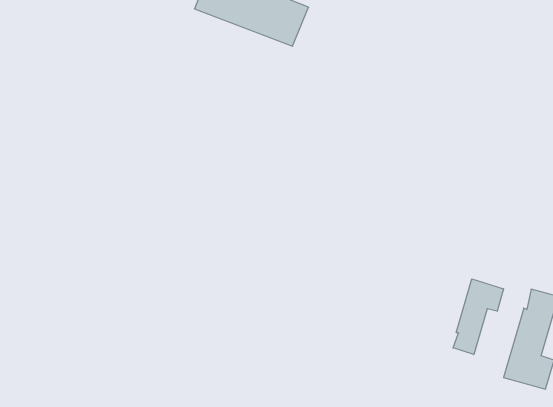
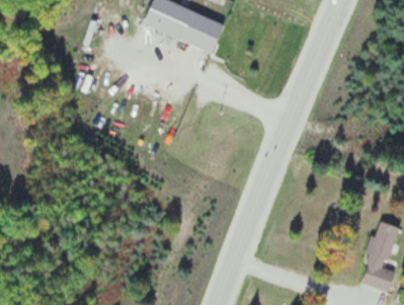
building: [453,279,504,355] -> none

